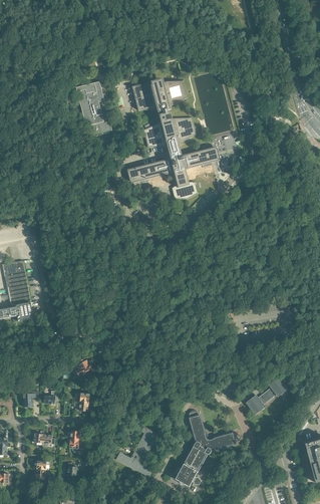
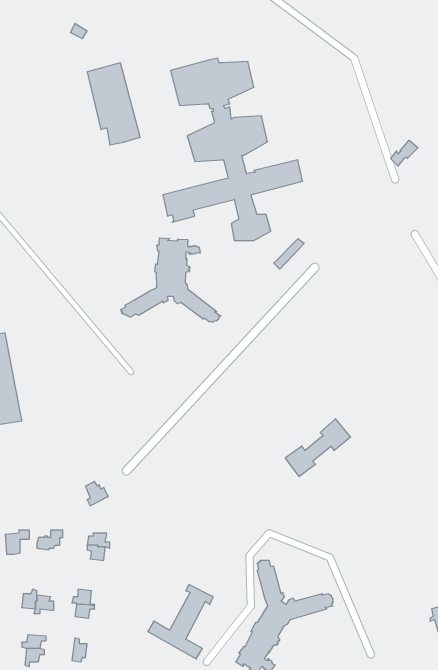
building: none -> [121,238,221,322]
building: [245,376,288,415] -> [285,419,351,476]

